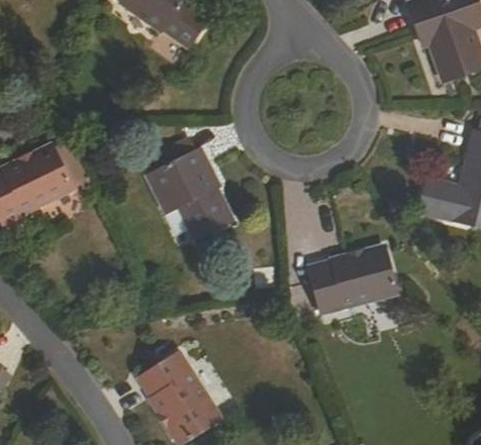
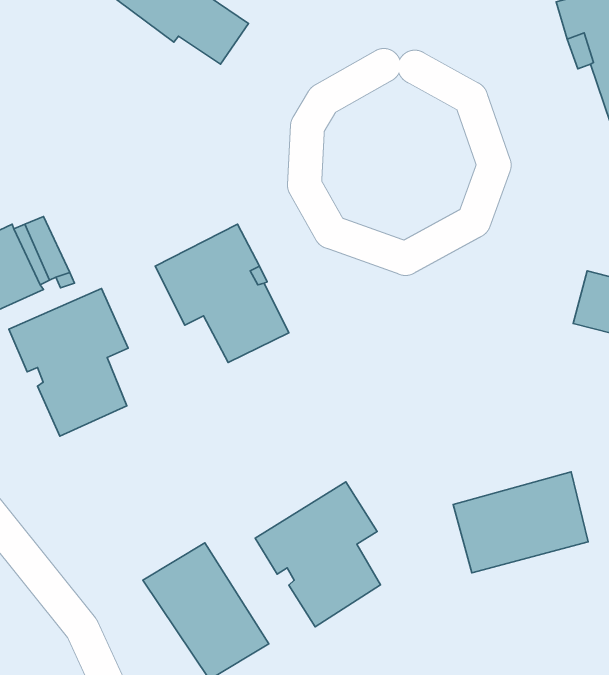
building: none -> [9,289,128,436]
building: [308,246,396,312] -> [453,472,588,573]
building: none -> [255,482,381,627]

